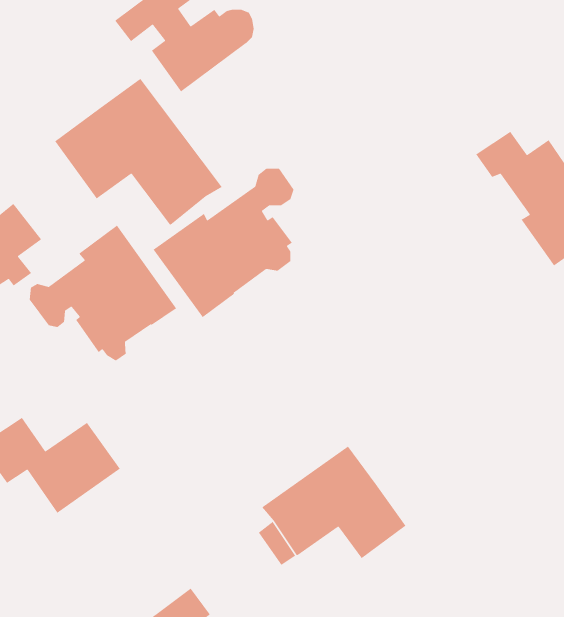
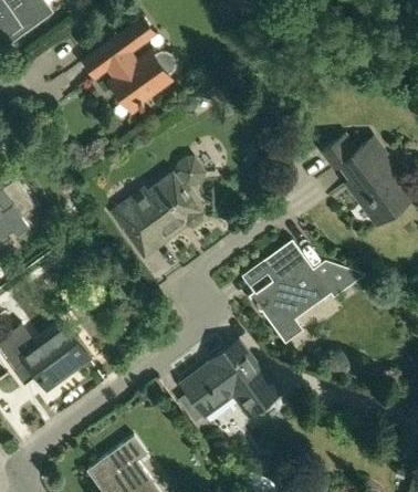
building: [54,78,223,226] -> none
building: [29,224,177,361] -> none
building: none -> [251,240,366,332]

